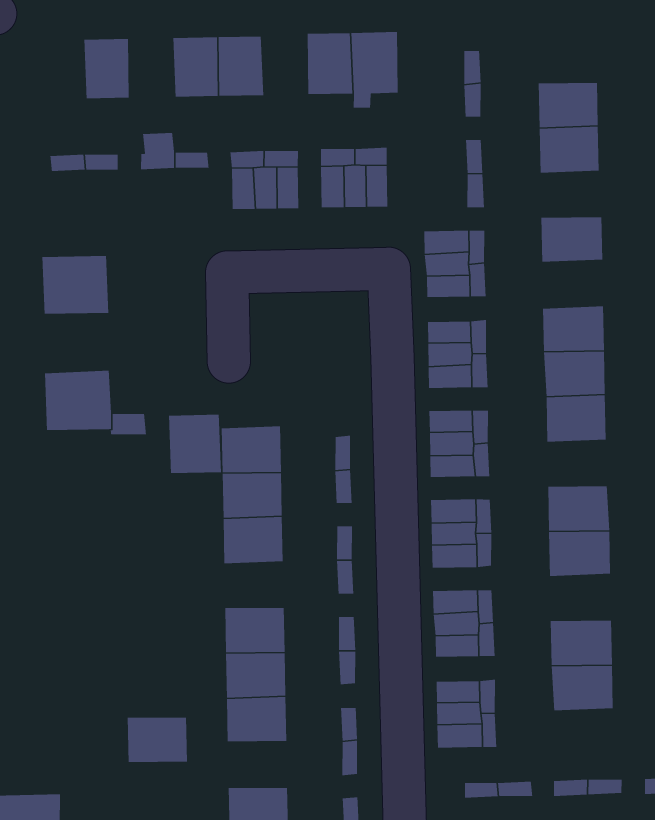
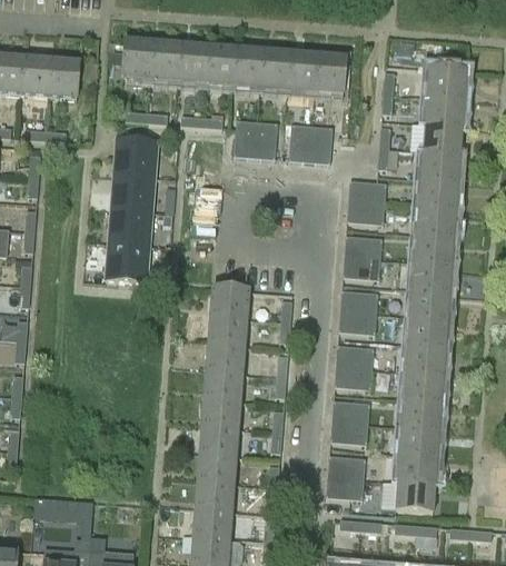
building: none -> [259,51,290,98]
building: none -> [428,69,467,100]
building: none -> [178,44,208,83]
building: none -> [123,40,153,79]
building: none -> [421,152,460,182]
building: none -> [115,137,157,176]
building: none -> [417,207,457,237]
building: none -> [109,208,152,246]
building: [168,414,222,474] -> none
building: none -> [409,317,448,347]
building: none -> [205,371,244,401]
building: none -> [403,399,443,429]
building: none -> [397,481,436,513]
building: [127,717,188,763] -> [196,480,235,512]

